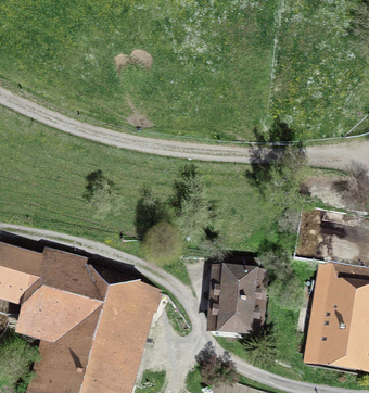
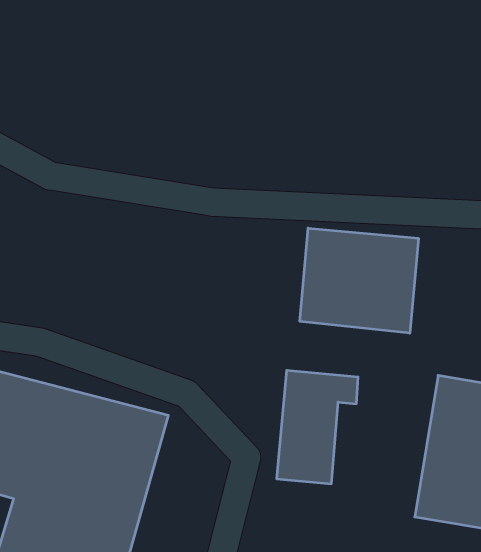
building: none -> [300,228,418,333]

